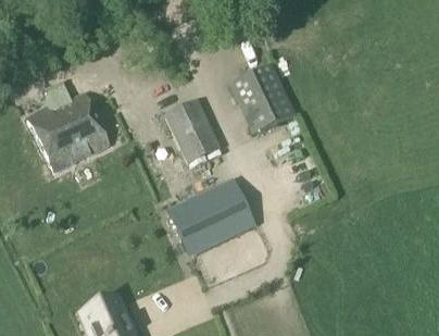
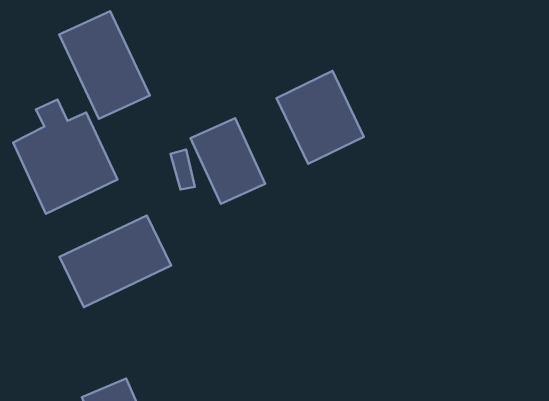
building: none -> [59,11,150,119]
building: [167,178,252,248] -> [60,215,171,307]

